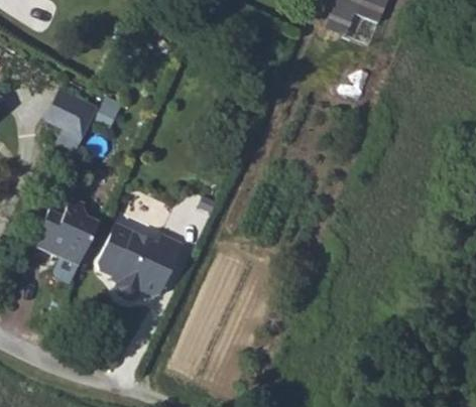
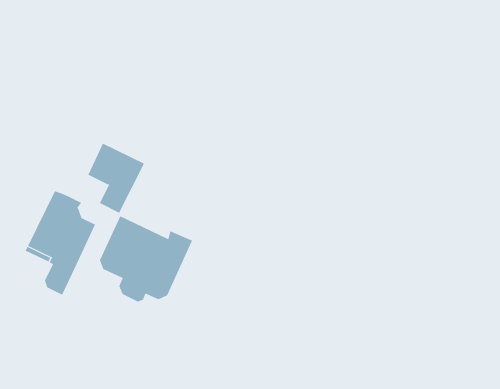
building: [50,91,101,153] -> [88,143,145,214]

